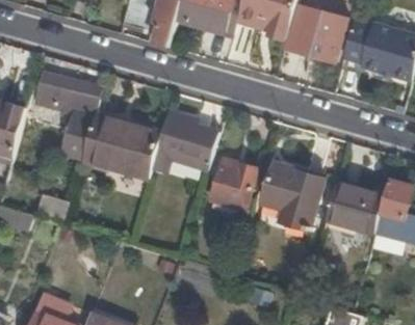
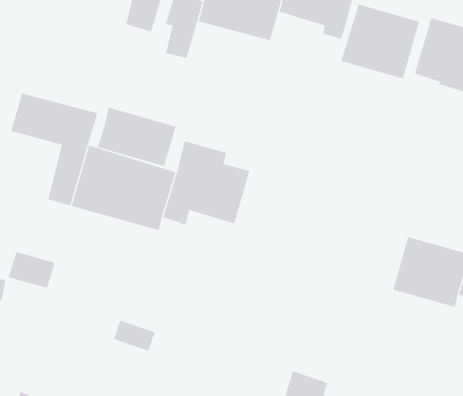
building: none -> [97,107,176,167]
building: [209,162,256,213] -> none
building: [262,164,326,232] -> none

